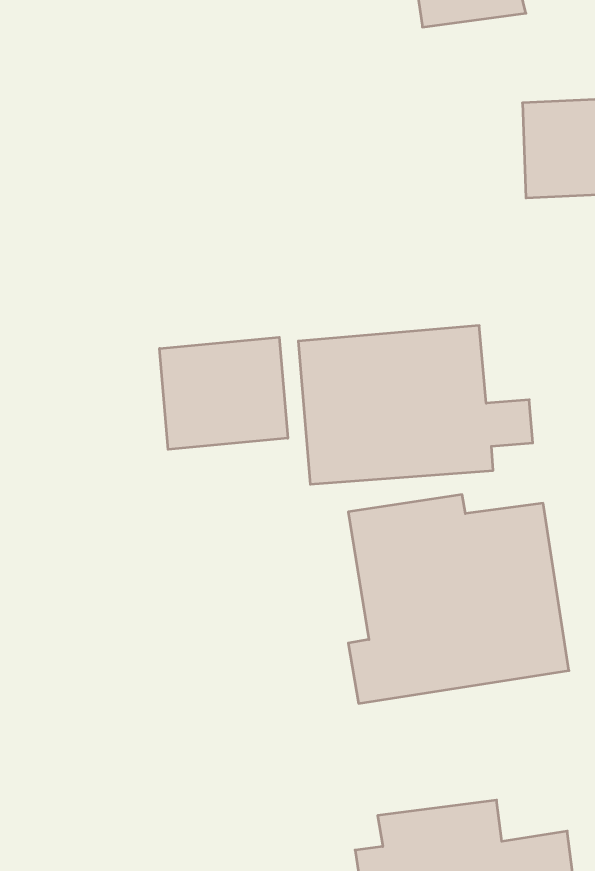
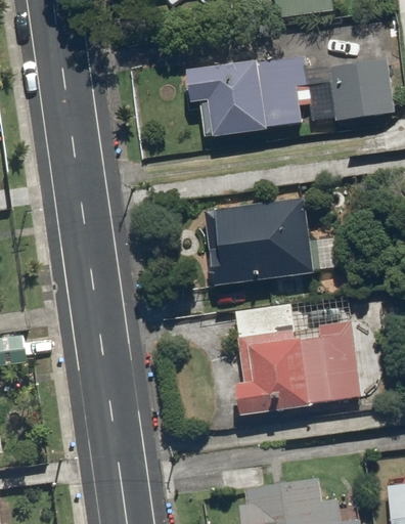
building: none -> [175,58,310,139]
building: [160,337,288,449] -> none

